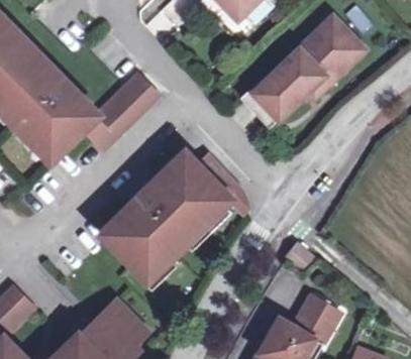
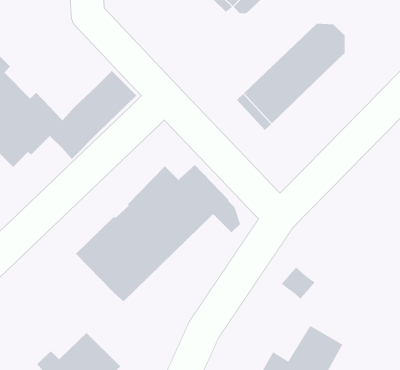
building: [307,15,365,98] -> none

